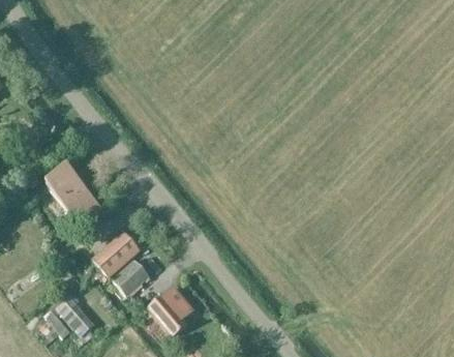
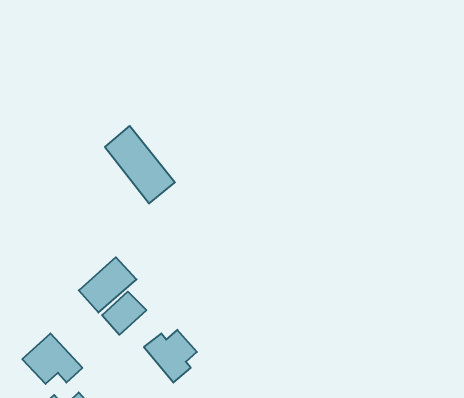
building: [46,162,104,228] -> [105,126,175,203]

